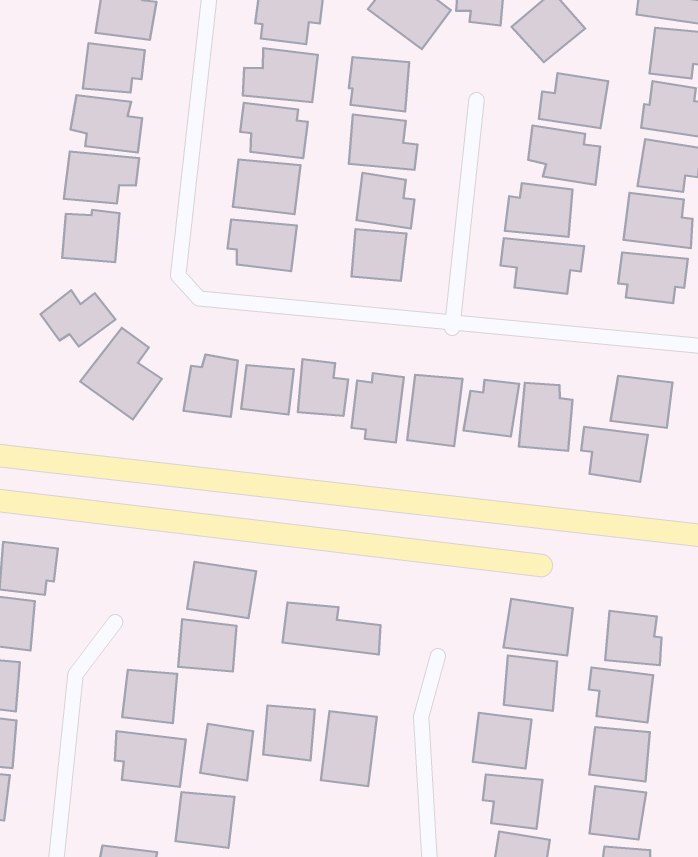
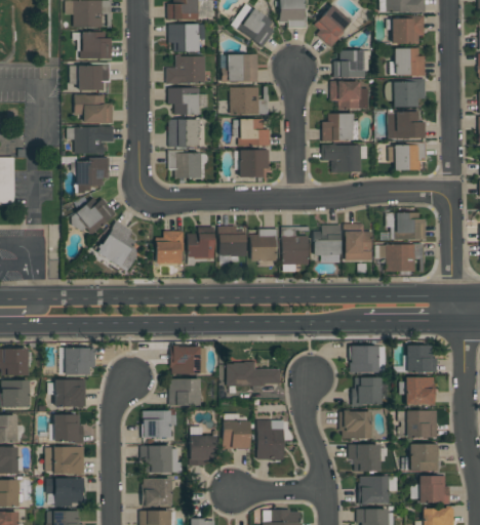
building: [176,792,235,848] -> [143,478,172,507]

